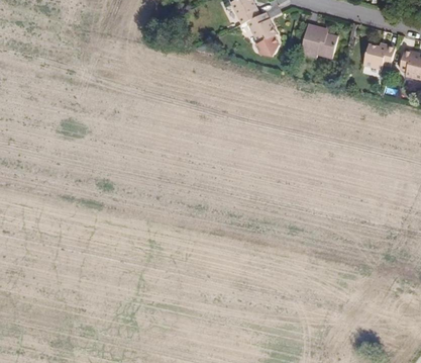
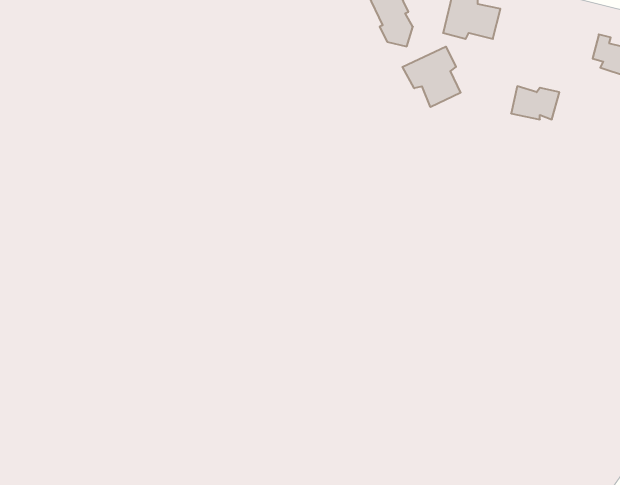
building: [360,44,393,67] -> [511,86,559,119]
building: none -> [402,47,461,107]

